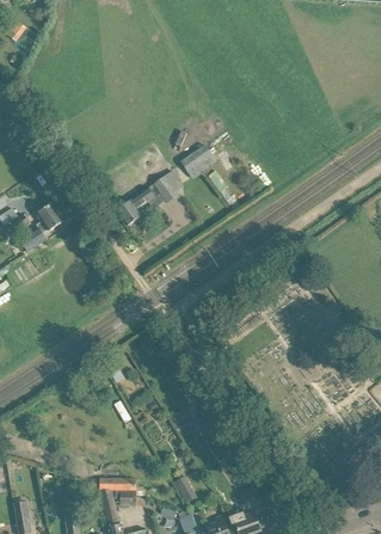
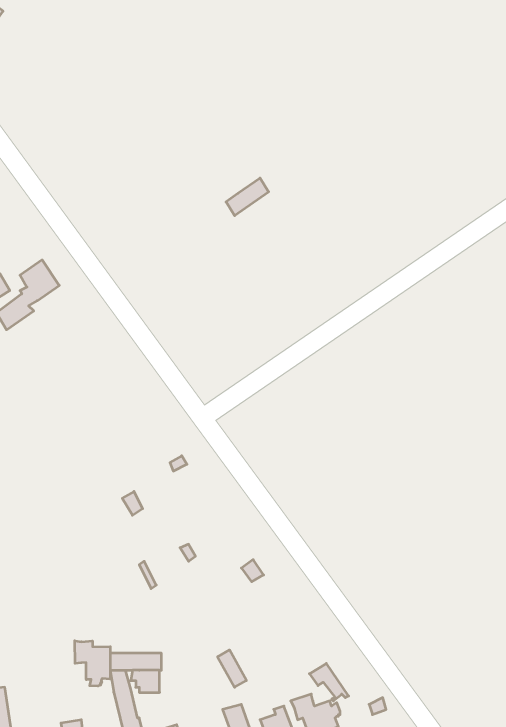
building: [116,170,183,226] -> none
building: none -> [75,641,110,686]

